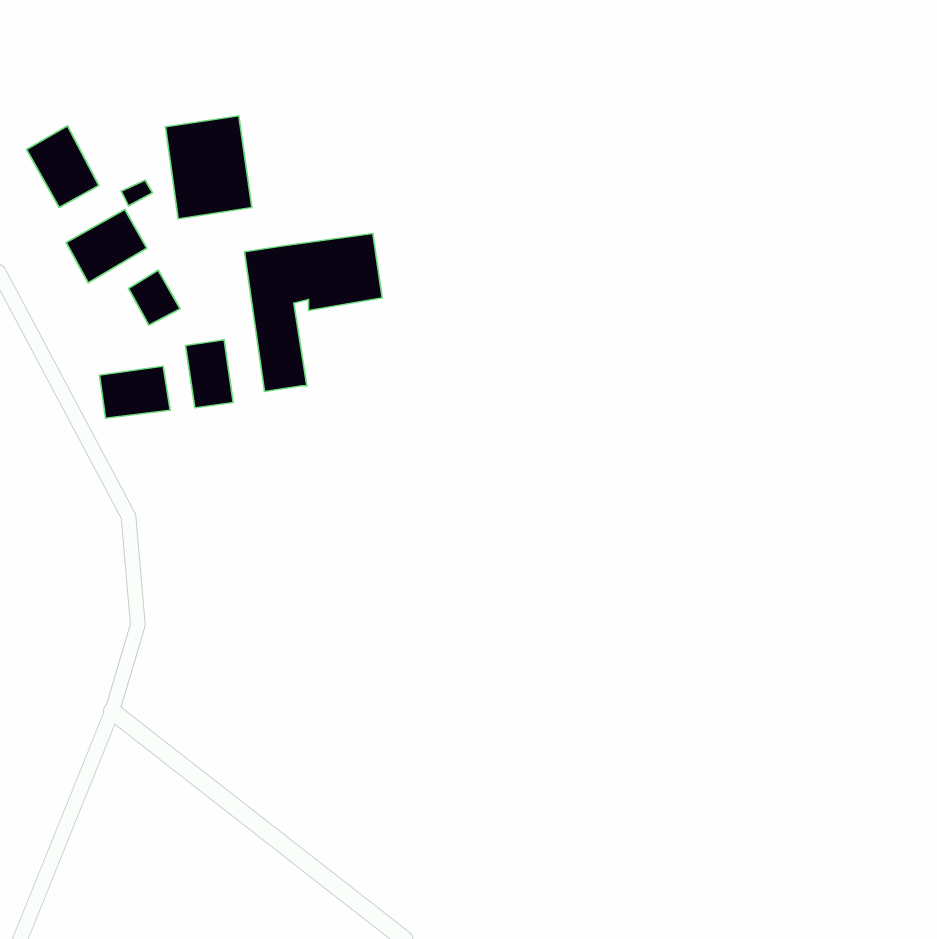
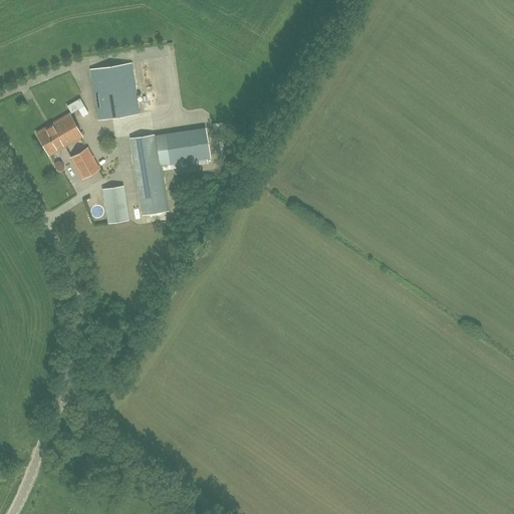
building: [27,126,99,207] -> none
building: [100,366,170,418] -> none

